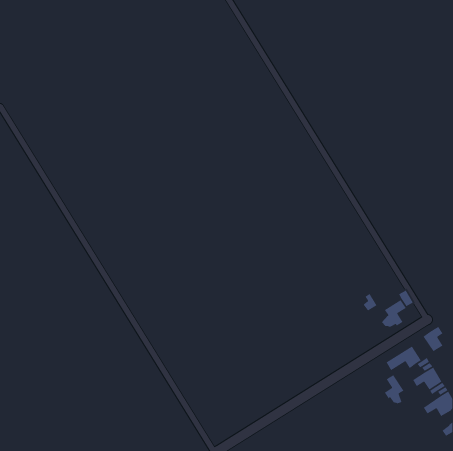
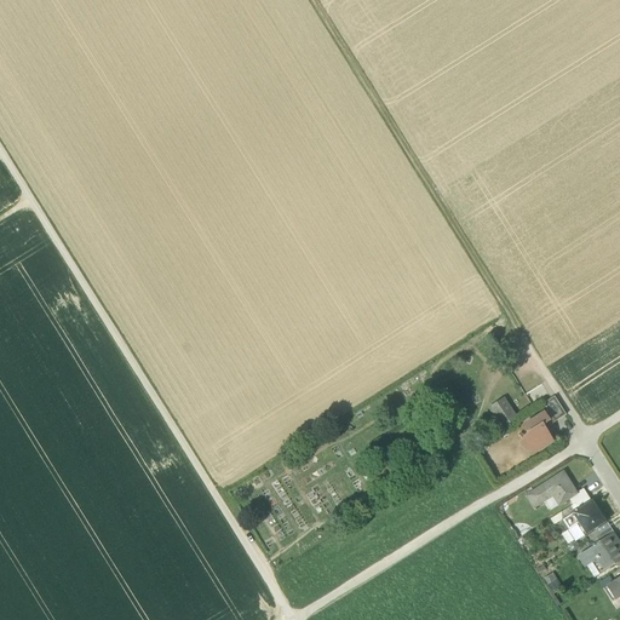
building: [422,326,444,352] -> none
building: [384,374,404,404] -> none

